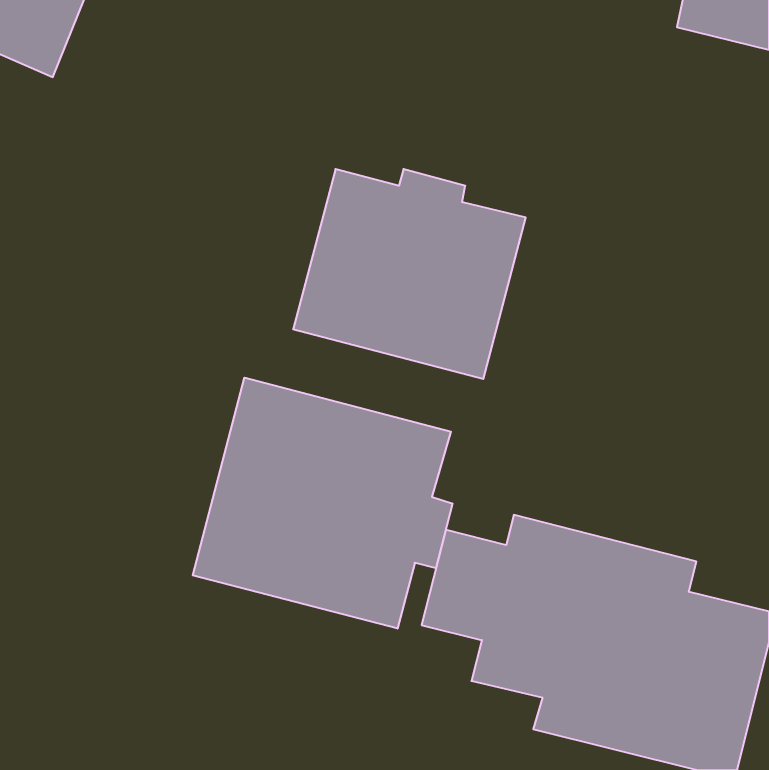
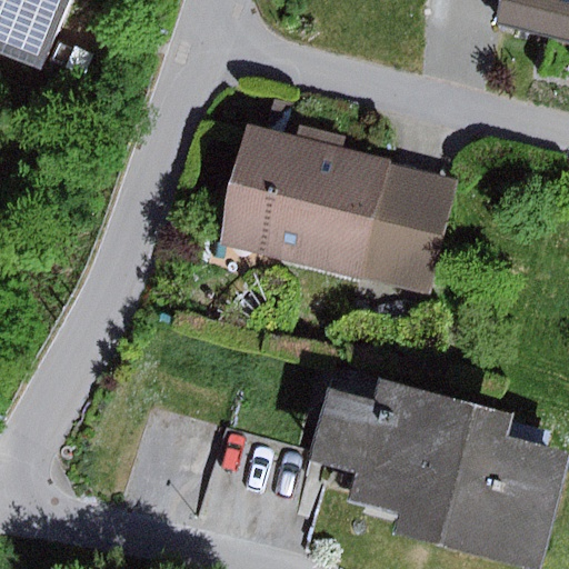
building: none -> [356,160,457,297]
building: [193,378,452,629] -> none

